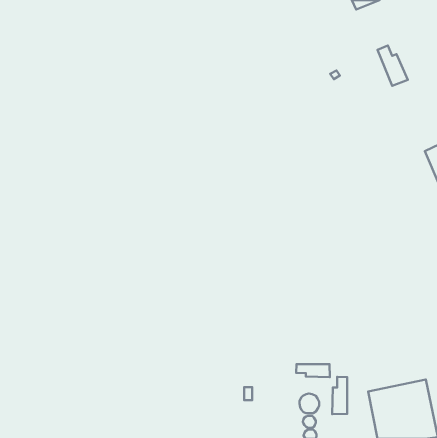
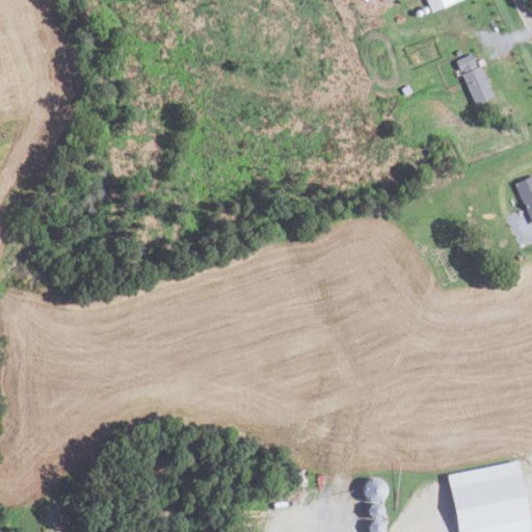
building: [296,364,330,377] -> none
building: [332,377,347,414] -> none

